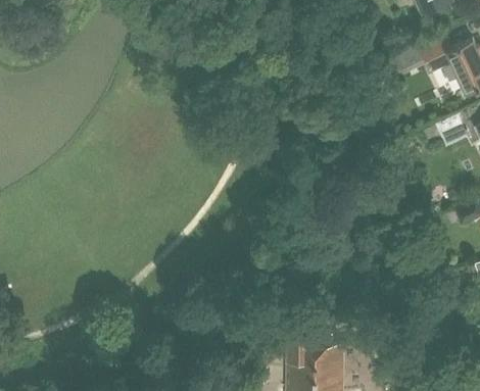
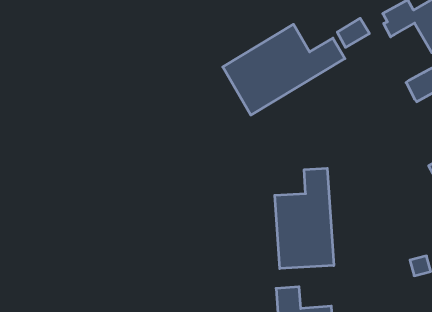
building: none -> [223,24,345,115]
building: none -> [275,168,334,269]

